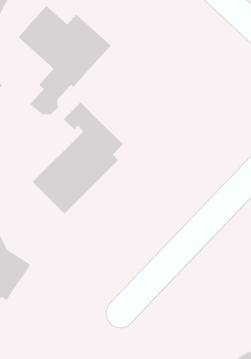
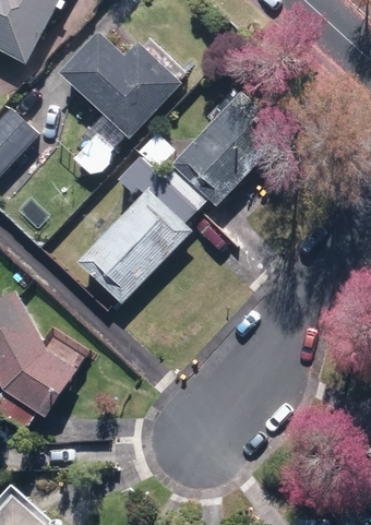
building: none -> [164,91,286,212]

